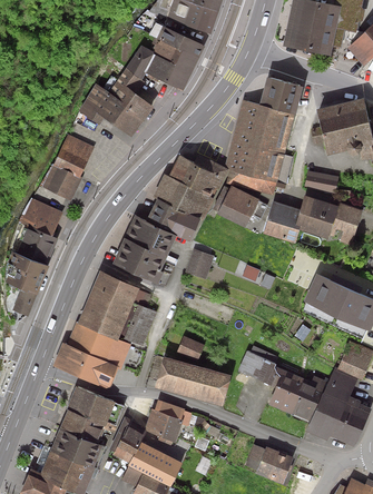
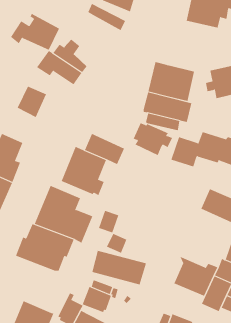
building: [127,37,195,88] -> [10,13,60,51]
building: [259,77,303,113] -> none
building: [151,154,228,220] -> none
building: [41,164,79,199] -> none
building: [303,170,337,192] -> none
building: [185,247,214,278] -> [98,210,119,233]
building: [234,349,279,396] -> none
building: [61,386,118,444] -> none

